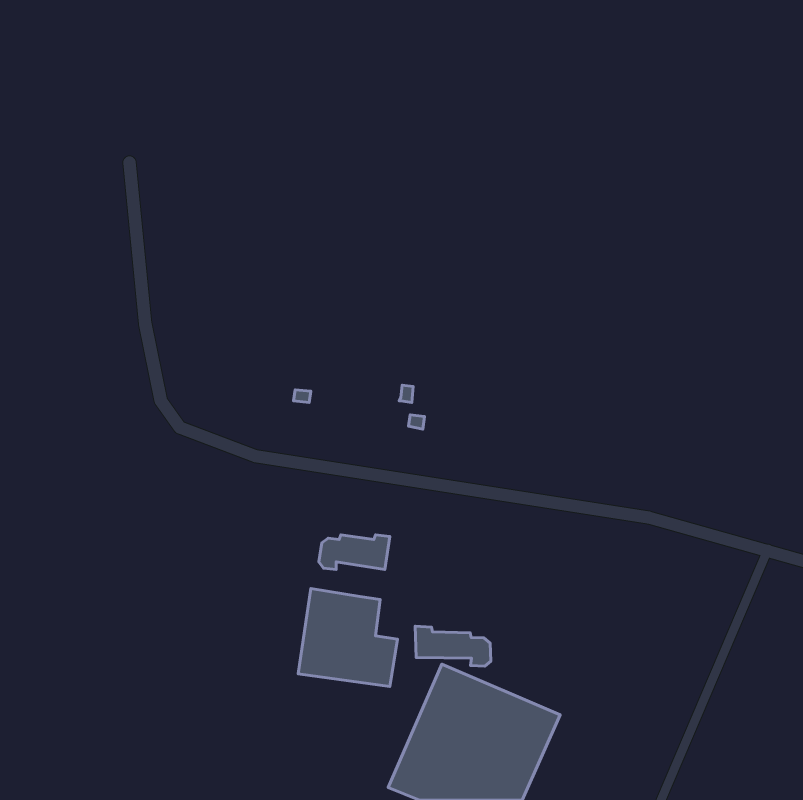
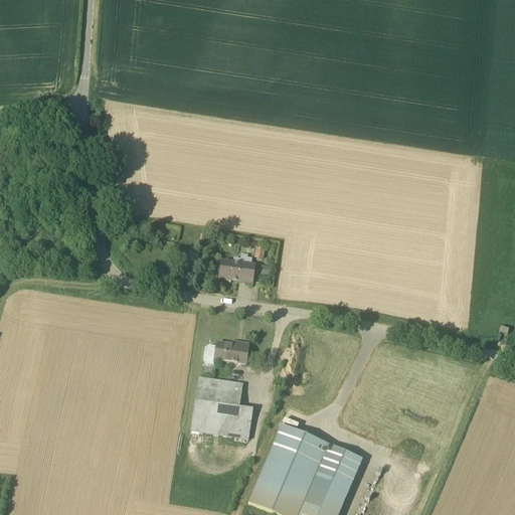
building: none -> [221,259,256,282]
building: [415,626,491,666] -> none

